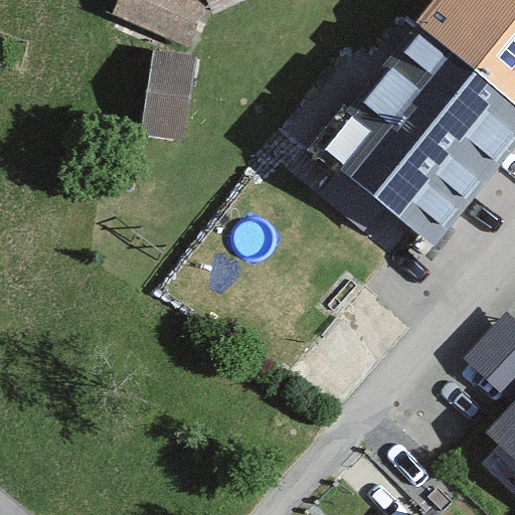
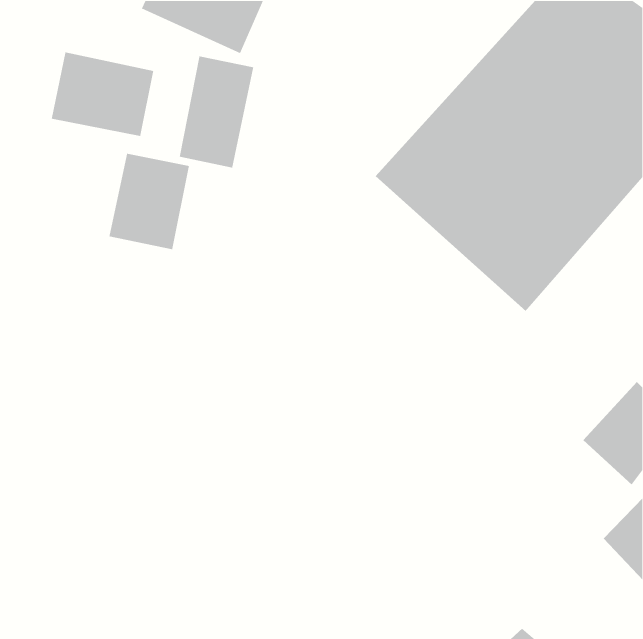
building: none -> [51,51,154,137]
building: none -> [109,153,190,250]

